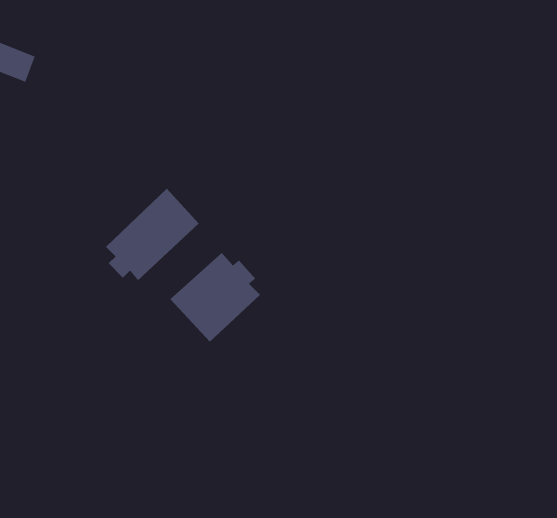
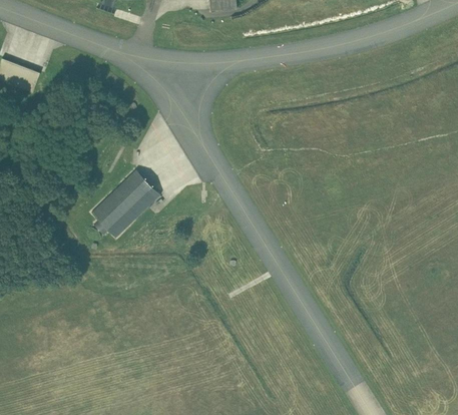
building: [169,252,261,342] -> none

